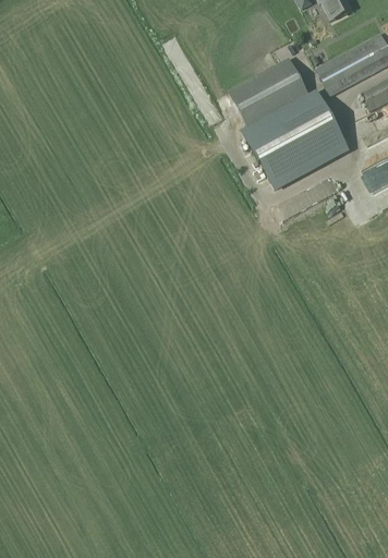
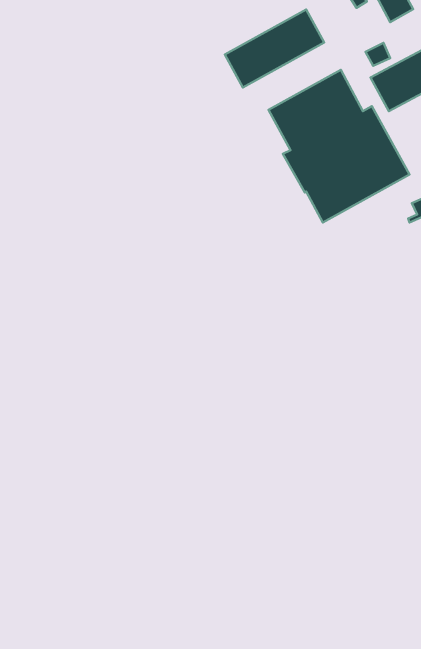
building: none -> [225,9,324,87]

